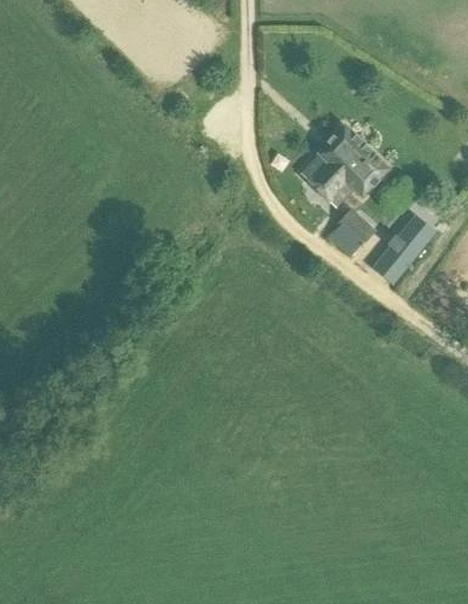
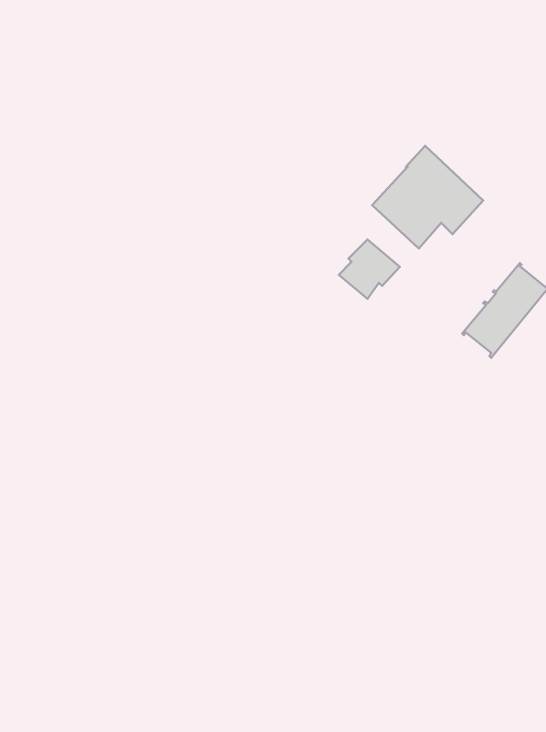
building: [329,210,375,254] -> [339,239,400,299]

